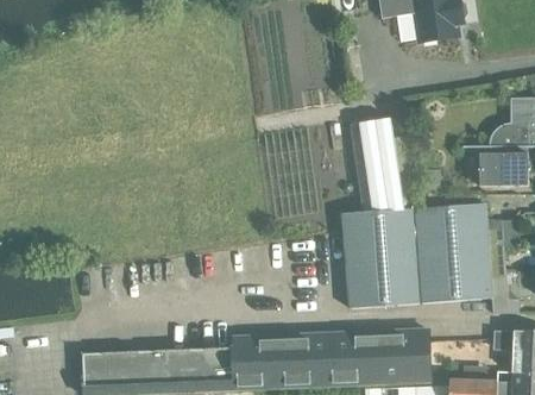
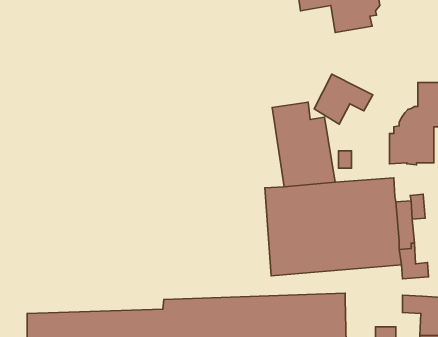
building: none -> [314,74,373,124]

